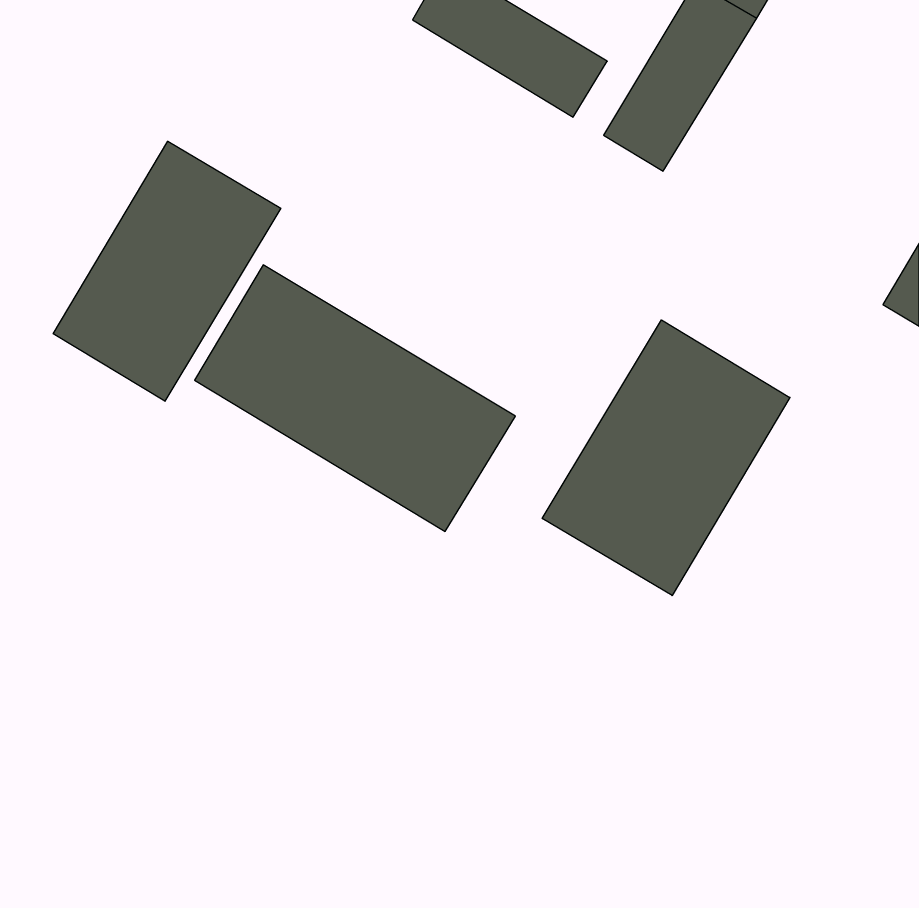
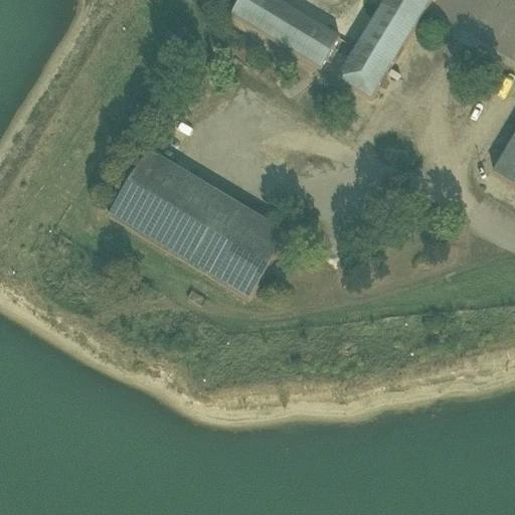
building: [53,141,281,401] -> none
building: [542,320,790,596] -> none

